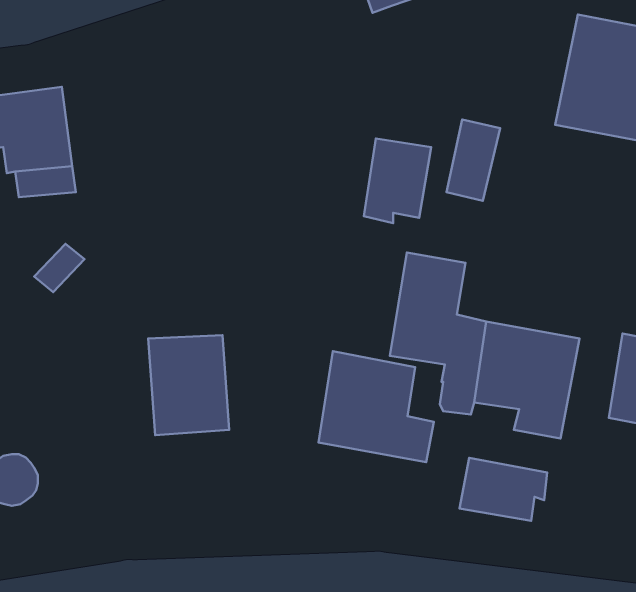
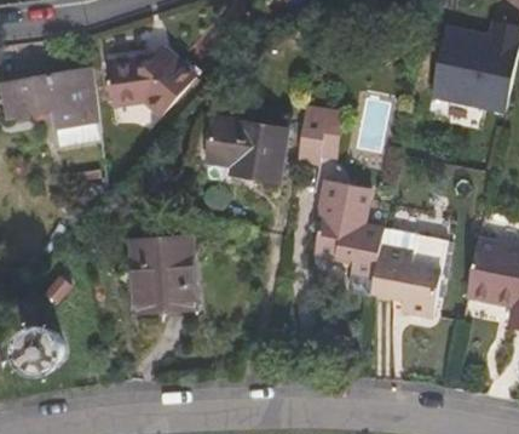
building: none -> [100,47,188,113]
building: none -> [211,121,287,185]
building: [318,351,434,462] -> none
building: [460,458,547,521] -> none

